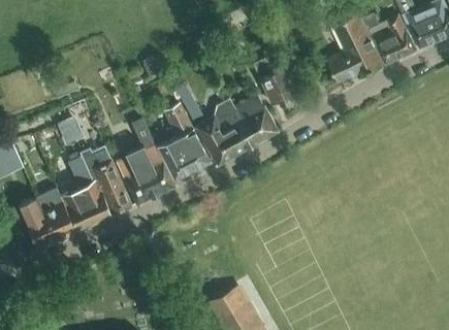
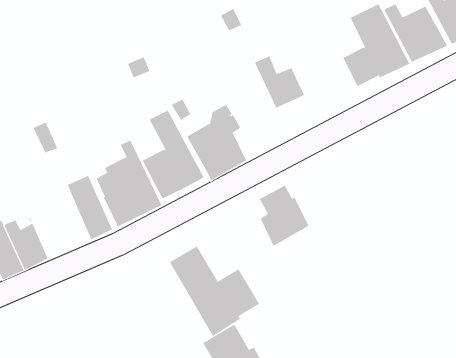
building: [232,95,277,147] -> [257,185,309,246]
building: [61,157,110,231] -> none
building: none -> [169,246,260,337]

